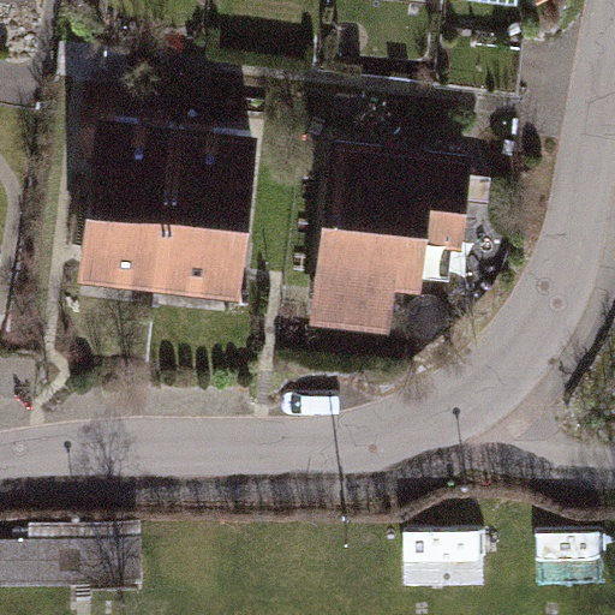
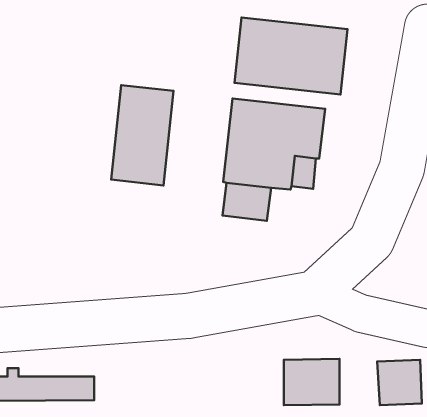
building: none -> [234,17,347,95]
building: [78,101,173,275] -> none

